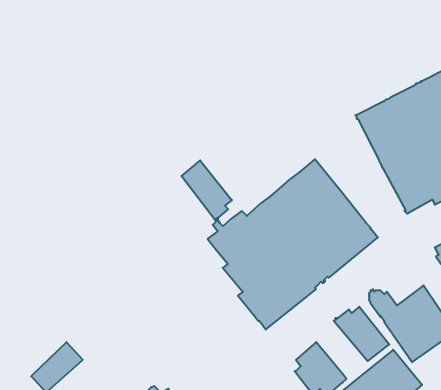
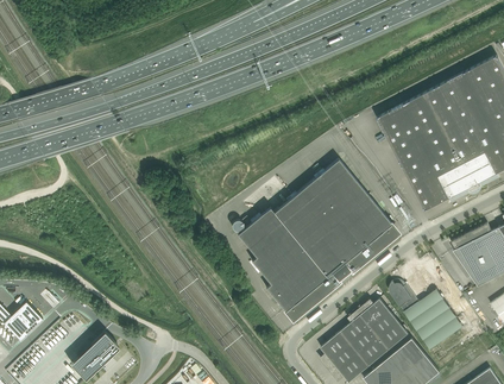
building: [181,160,232,220] -> none
building: none -> [340,311,389,366]

